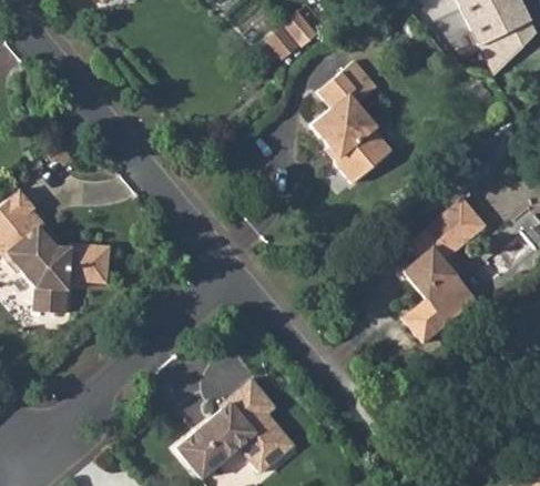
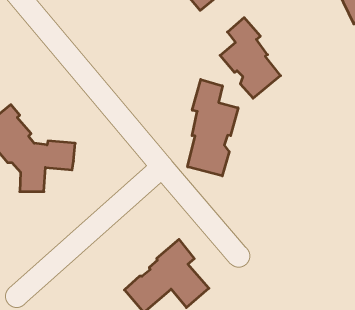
building: none -> [188,79,238,176]
building: [400,198,487,345] -> none

